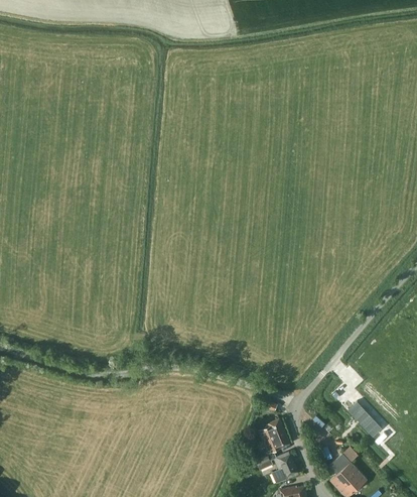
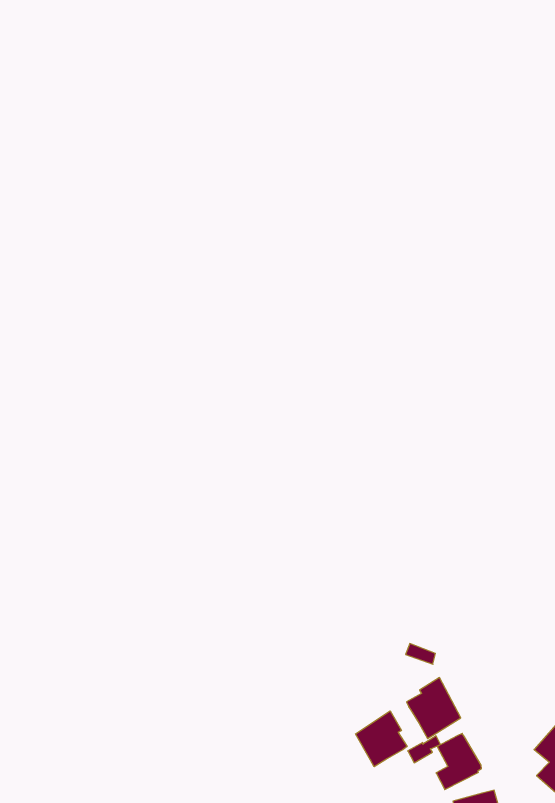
building: none -> [356,711,407,767]

